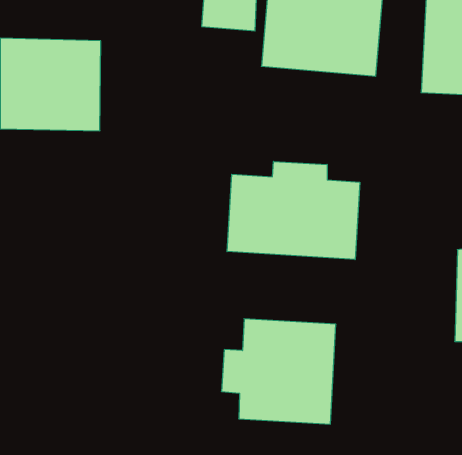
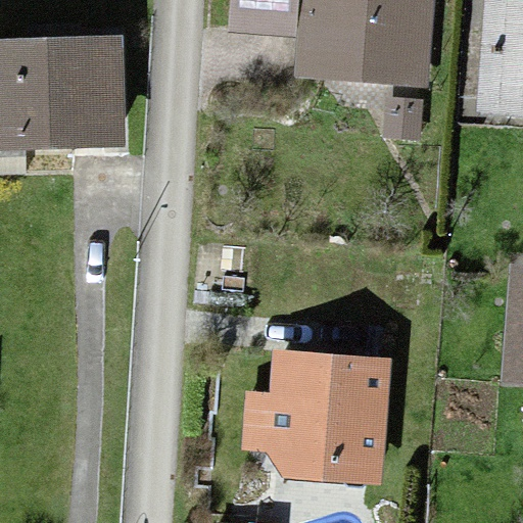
building: [227,161,360,260] -> none

